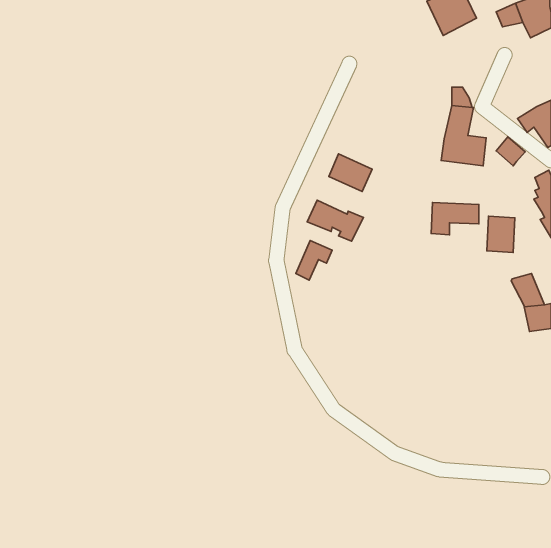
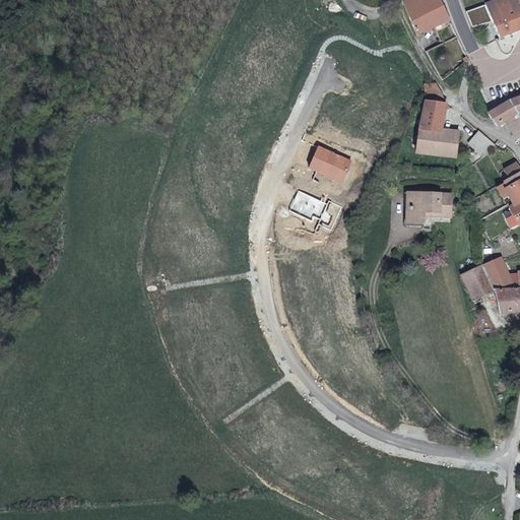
building: [487,216,515,253] -> none
building: [296,240,332,280] -> none
building: none -> [461,265,494,300]

